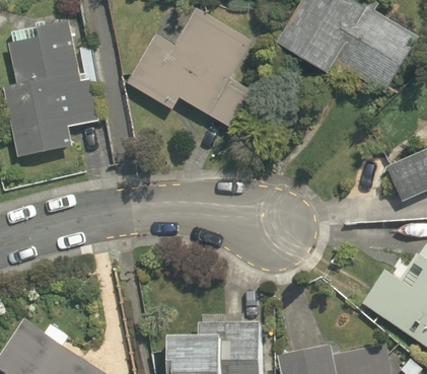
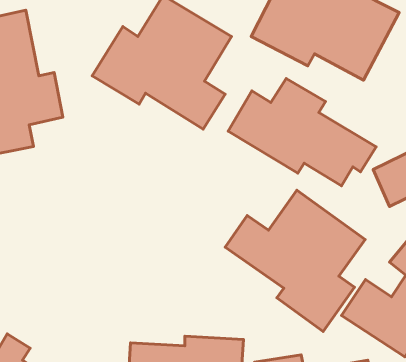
building: none -> [228,78,376,186]
building: none -> [225,190,365,332]

